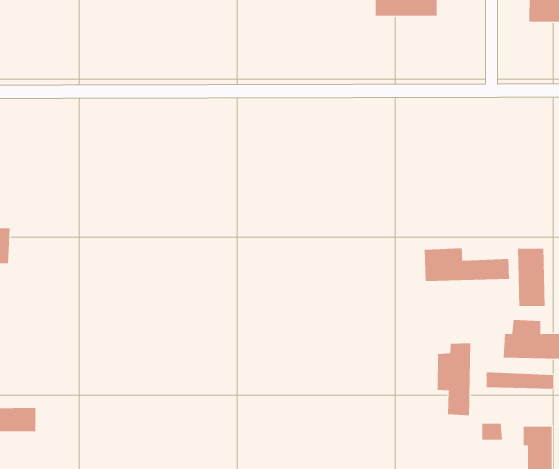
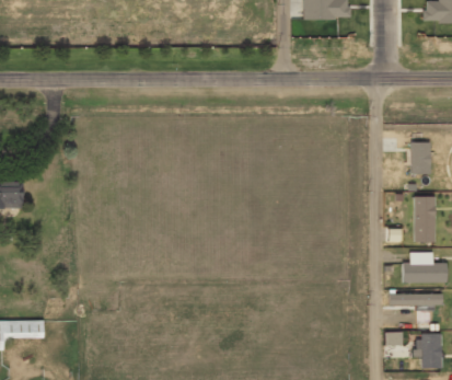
building: none -> [410,142,431,174]
building: [424,248,510,282] -> none
building: [437,343,471,416] -> none

